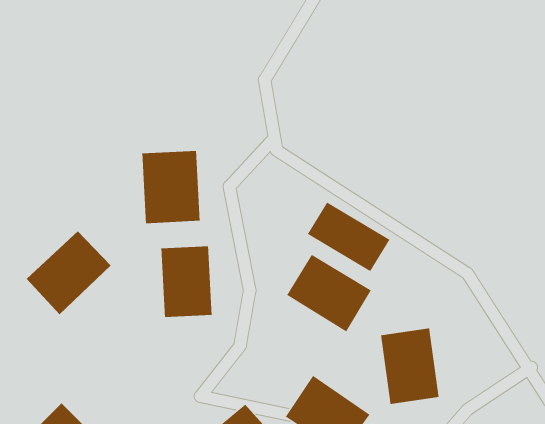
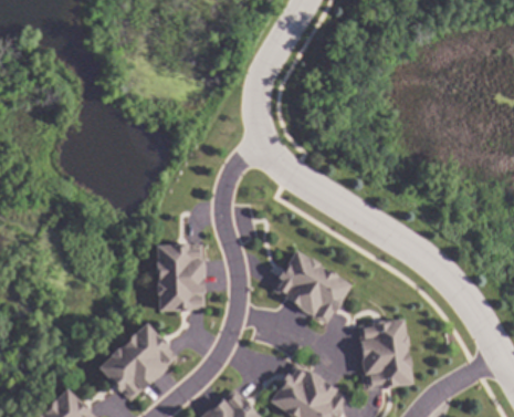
building: [142,150,201,224] -> none
building: [307,201,390,272] -> none
building: [26,231,111,315] -> [98,324,177,402]

